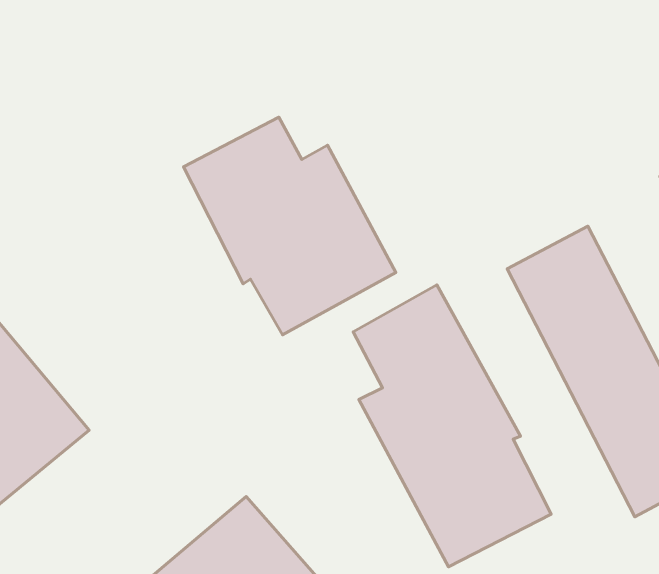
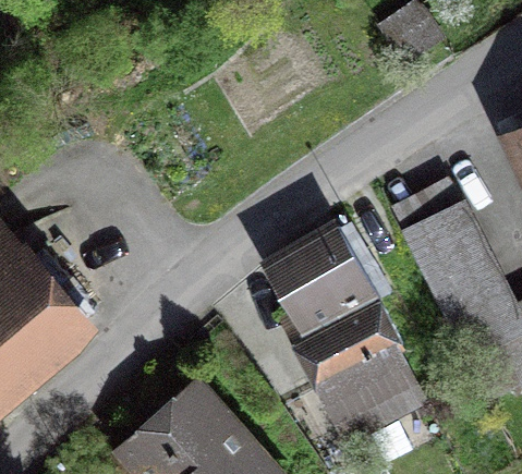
building: [184,117,396,335] -> none

